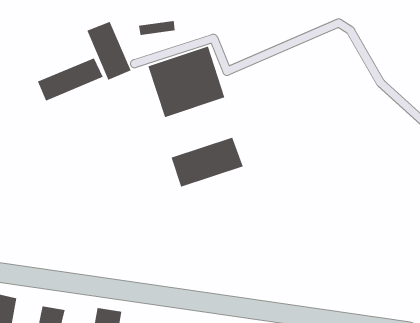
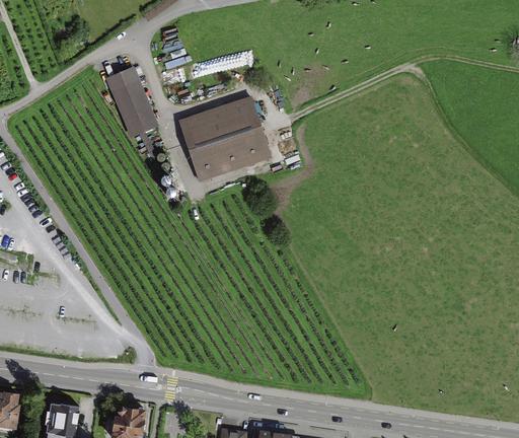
building: [37,57,103,102] -> none
building: [171,137,243,188] -> none

